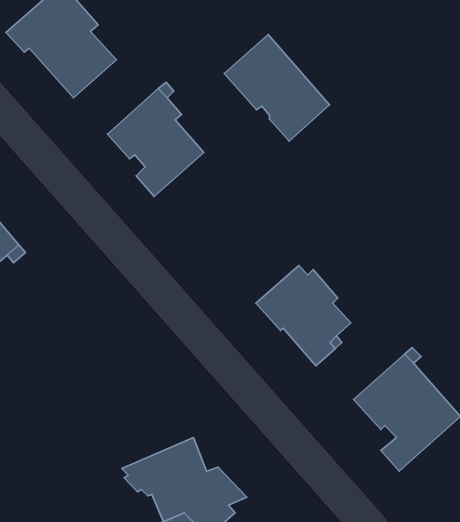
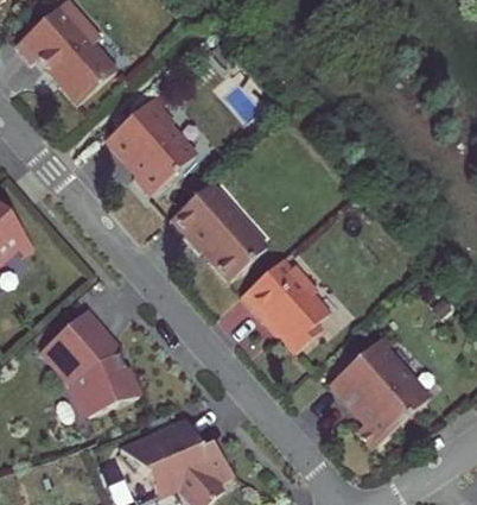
building: [224,35,330,141] -> [170,181,266,278]
building: none -> [39,307,139,414]

